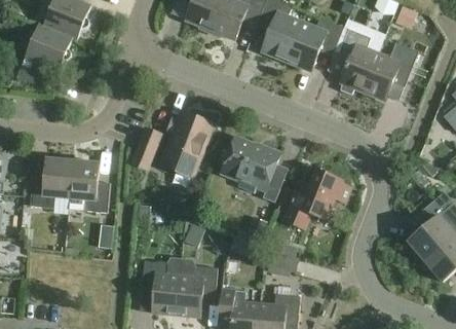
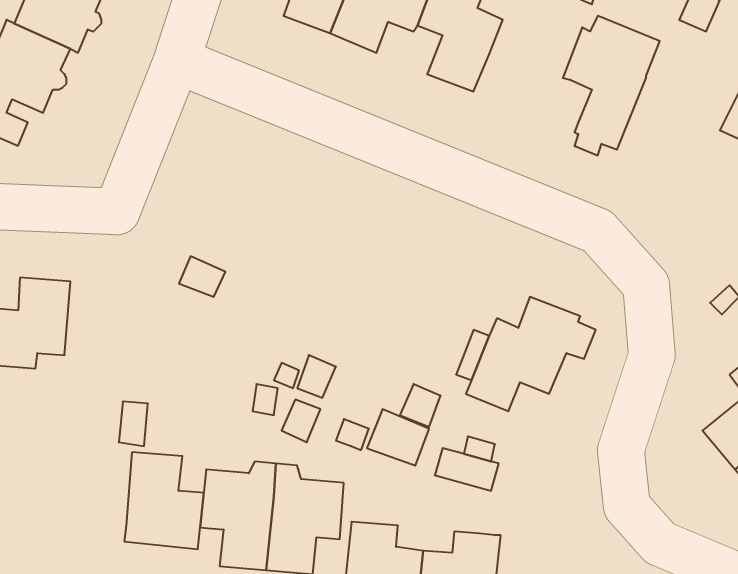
building: [287,16,344,70] -> none
building: [363,41,419,100] -> none
building: [162,112,213,176] -> none
building: [221,137,280,202] -> none
building: [69,160,111,212] -> [124,452,204,549]

